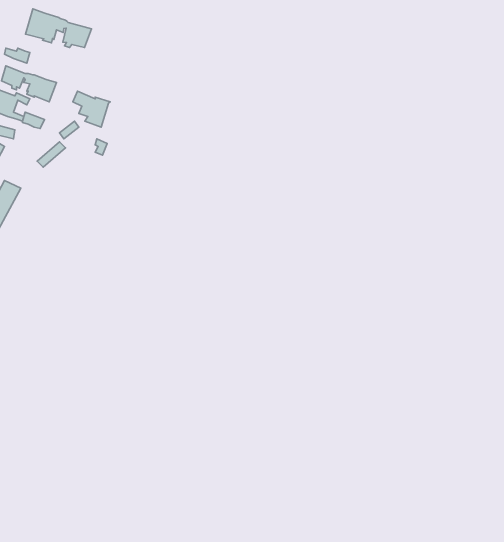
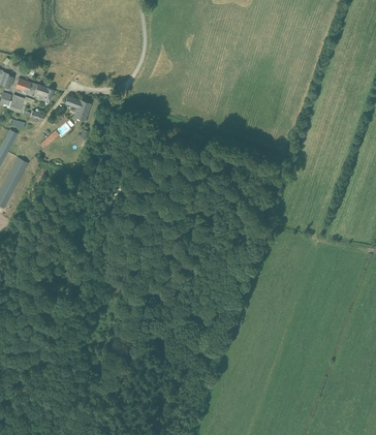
building: [26,9,91,47] -> none

